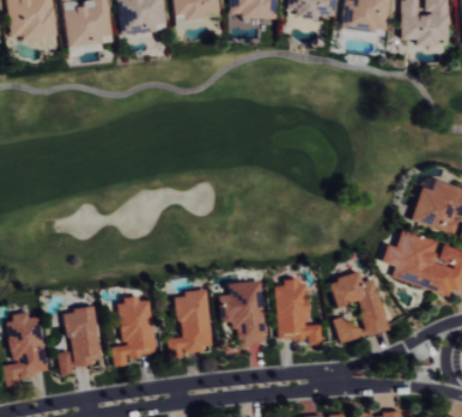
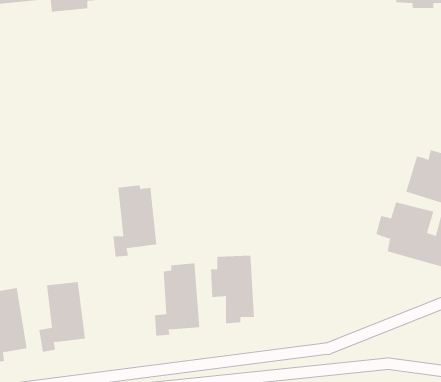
building: [326,272,387,343] -> none
building: [274,282,320,344] -> none
building: [110,297,153,367] -> [113,185,157,257]

